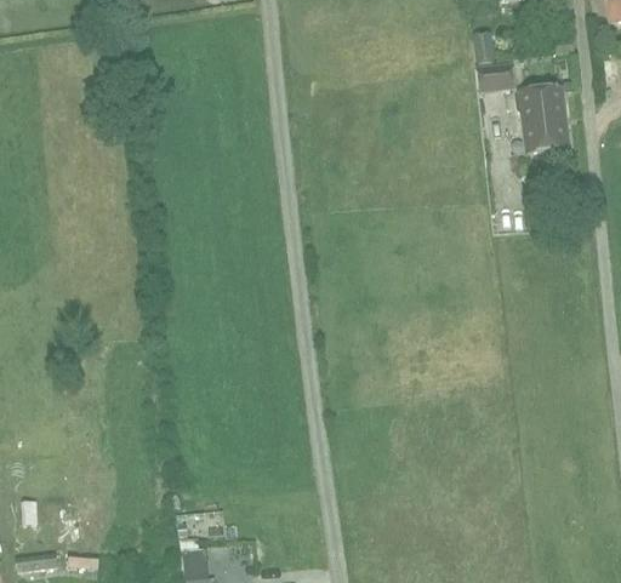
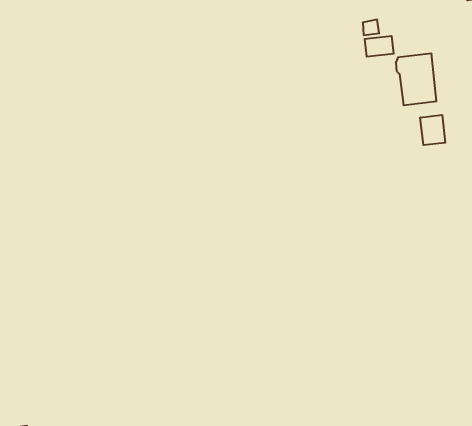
building: none -> [420,115,445,145]

